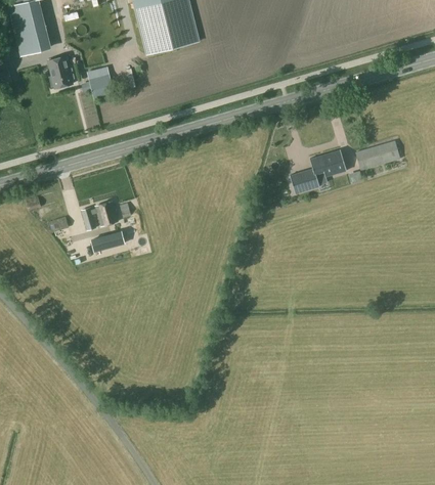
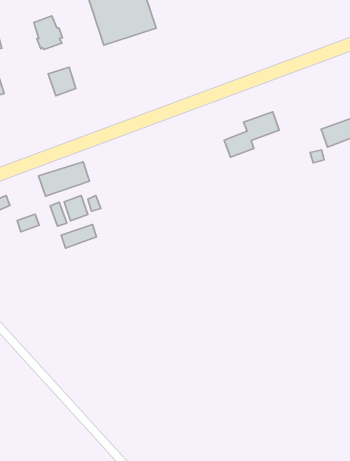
building: [48,55,76,88] -> [34,16,63,50]
building: [291,150,346,192] -> [224,112,279,157]
building: none -> [38,162,89,196]

